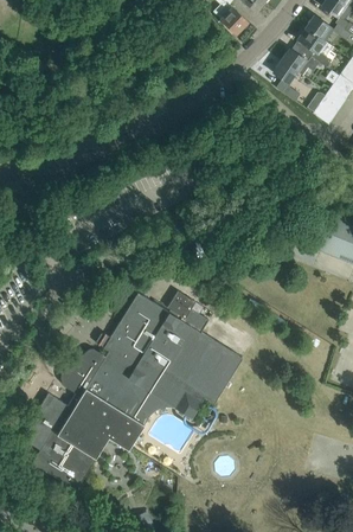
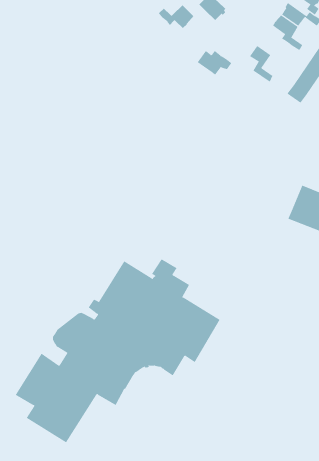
building: none -> [158,5,194,29]
building: [281,47,319,75] -> [197,50,232,75]

